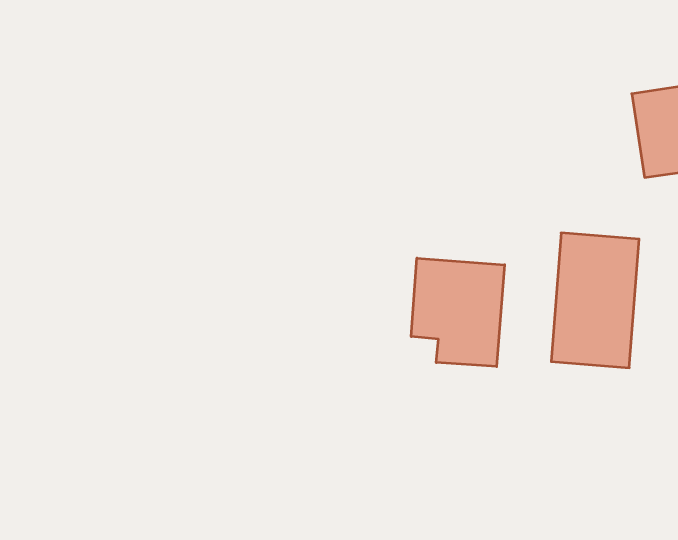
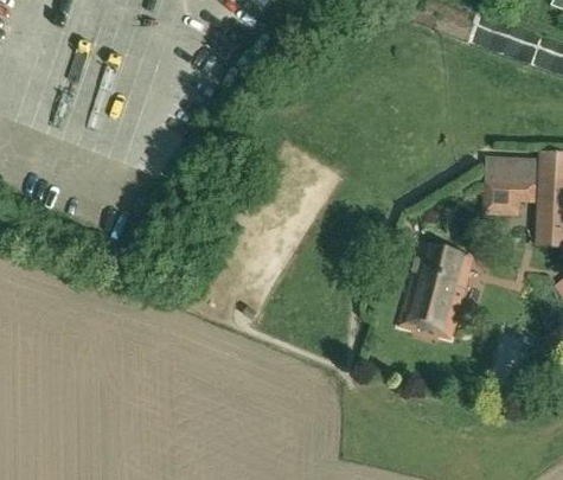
building: [411,258,505,367] -> none

